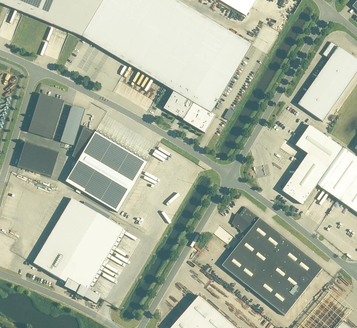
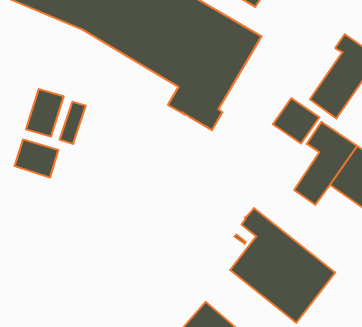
building: none -> [273,98,320,144]
building: [64,131,146,212] -> none
building: [32,197,123,301] -> none

